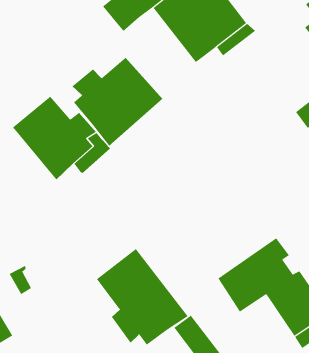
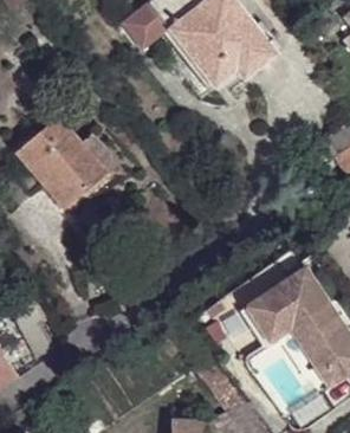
building: [72,57,163,147] -> none
building: [96,248,189,345] -> none

